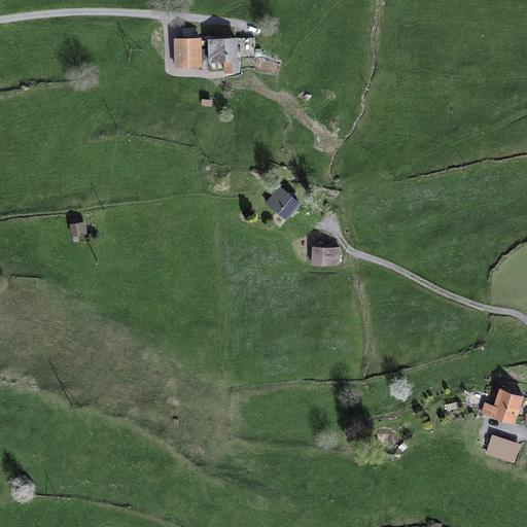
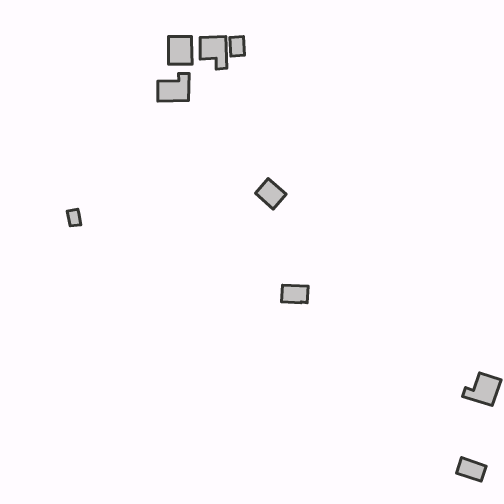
building: none -> [158,73,189,101]
building: [312,246,340,265] -> [282,285,308,303]
building: [488,436,519,461] -> [456,457,486,481]

